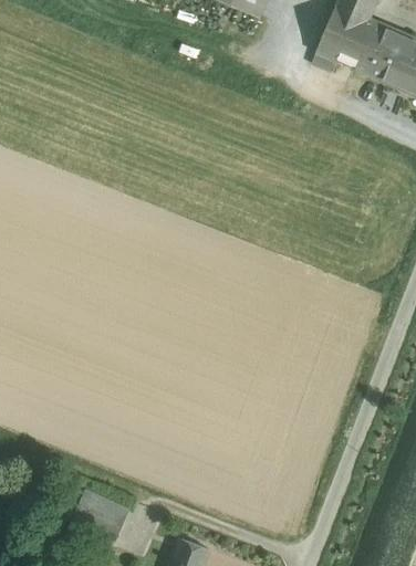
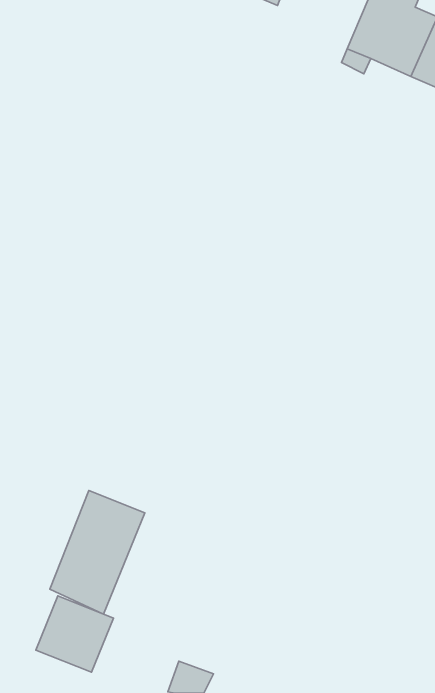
building: none -> [50,490,145,614]

